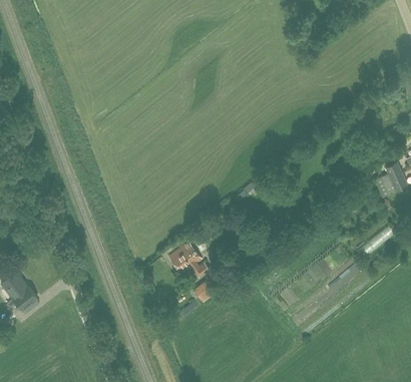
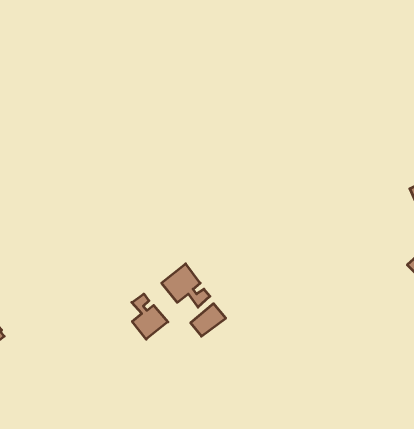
building: none -> [132,294,168,339]

